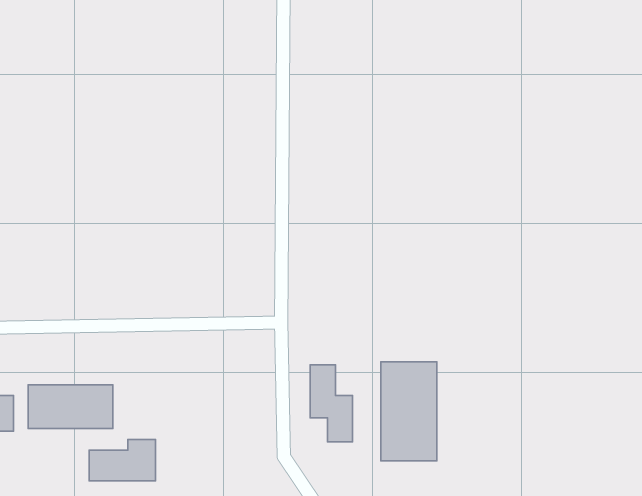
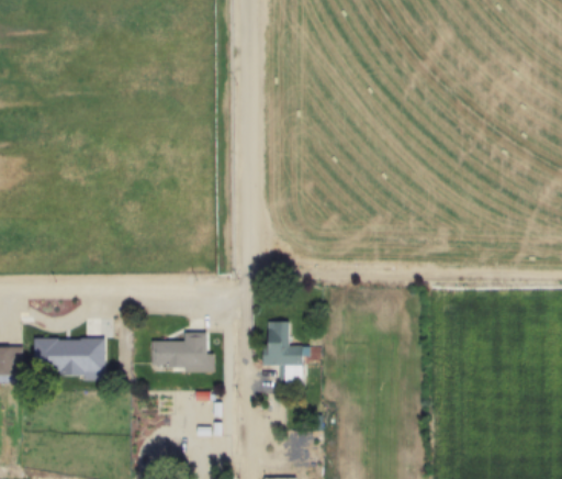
building: [381,362,437,461] -> none
building: [89,440,156,481] -> [151,332,206,366]

